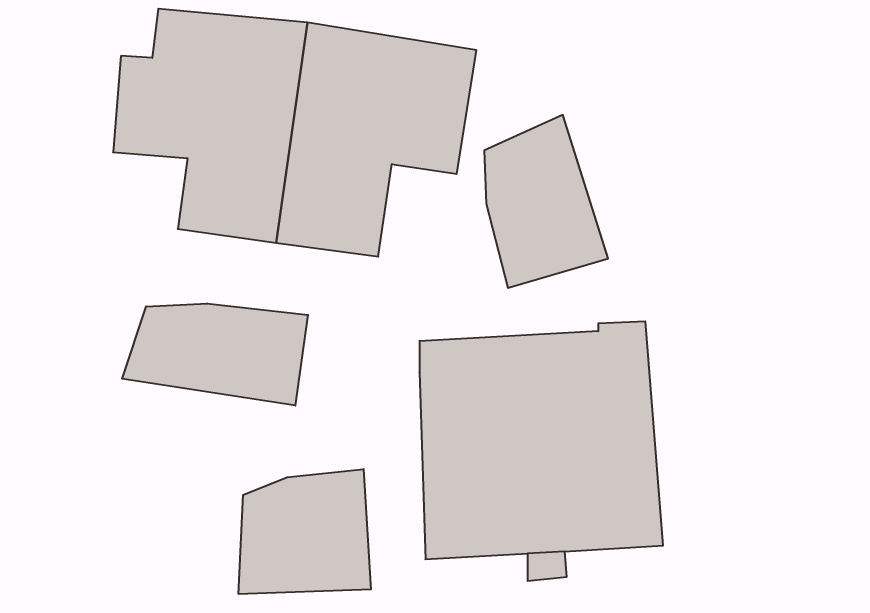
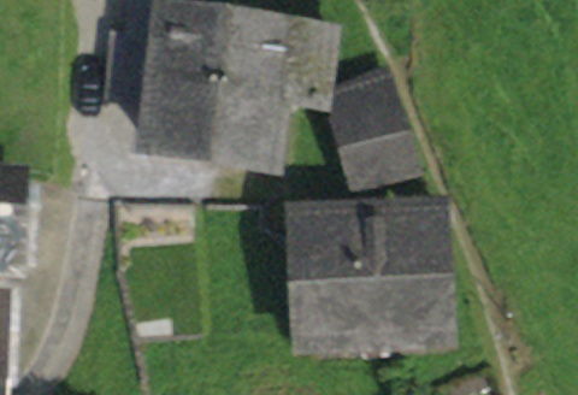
building: [122,303,308,406] -> none
building: [239,469,371,594] -> none

